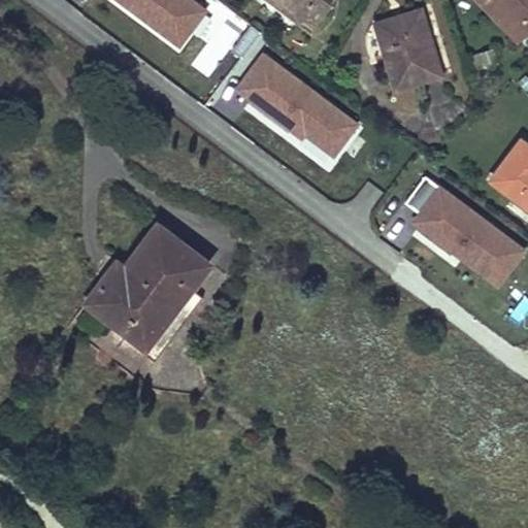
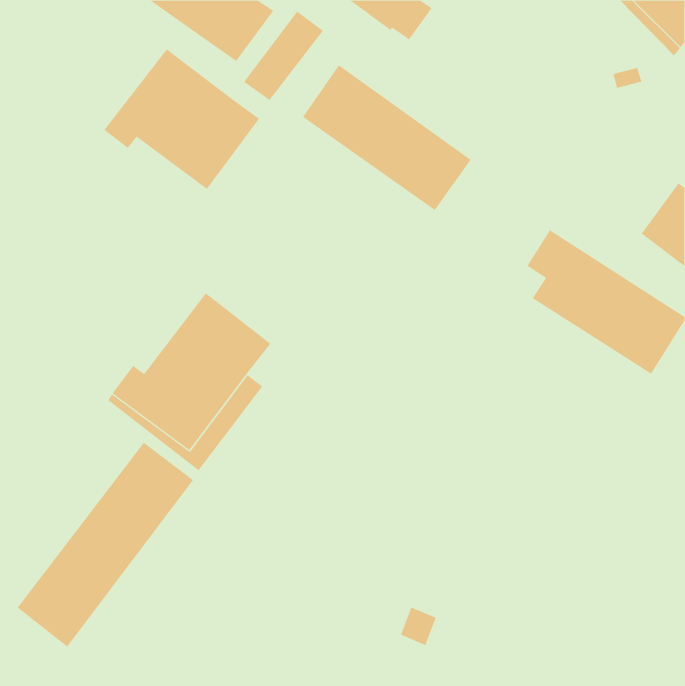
building: [373,9,439,89] -> none
building: none -> [103,48,260,190]
building: none -> [17,442,194,647]

